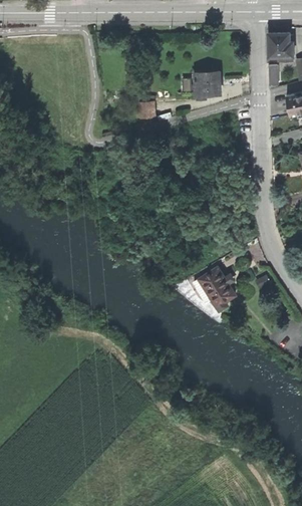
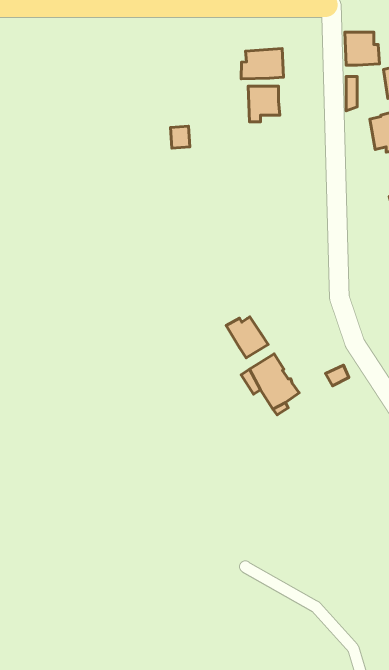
building: none -> [241,49,283,79]
building: none -> [226,317,268,358]

